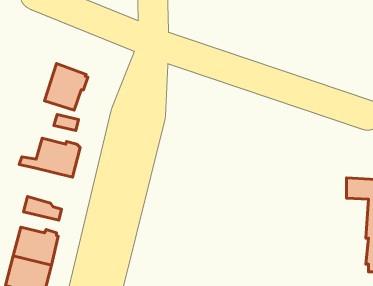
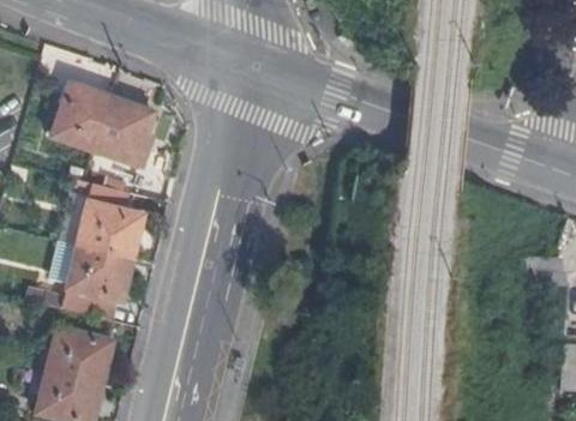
building: none -> [50,83,109,150]
building: none -> [68,245,132,303]

